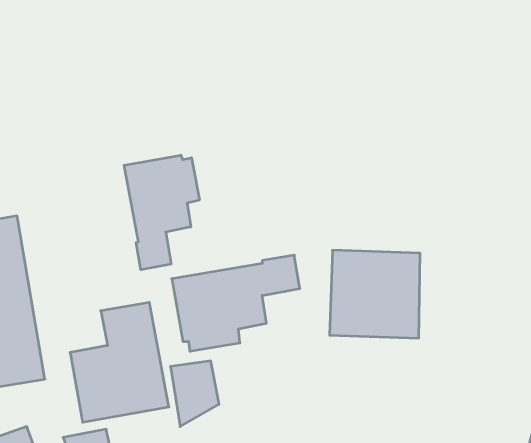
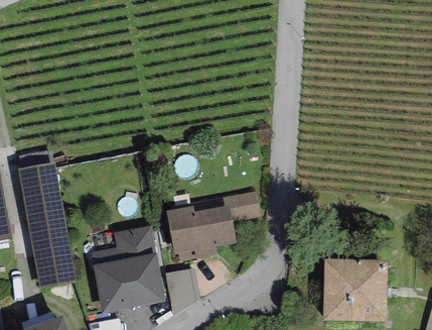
building: [124,155,199,270] -> none
building: [330,250,420,338] -> [322,258,388,322]

